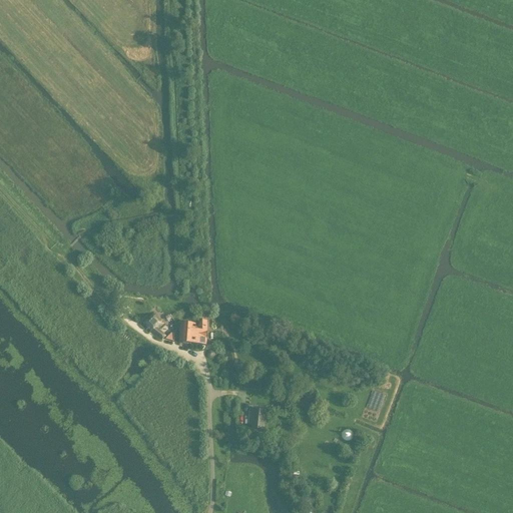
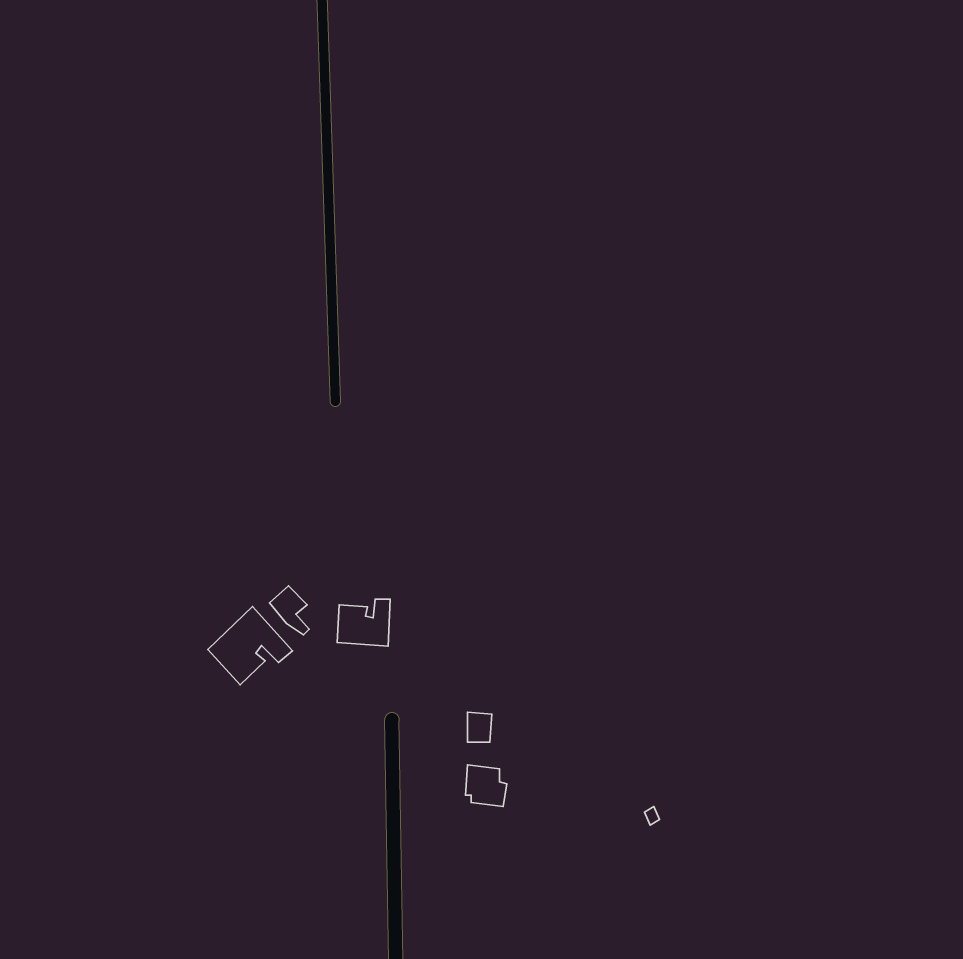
building: none -> [208,606,293,685]

